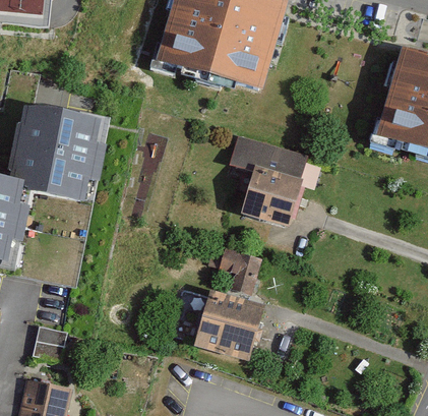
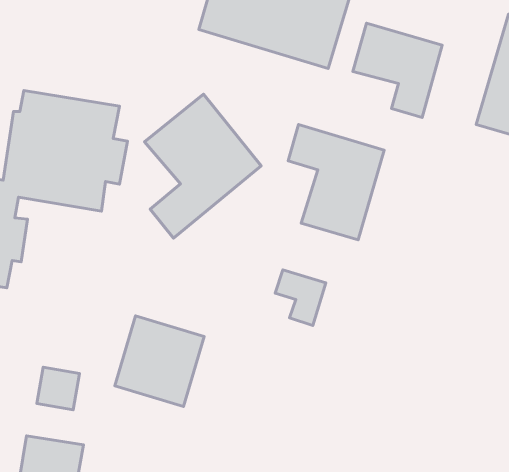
building: none -> [353,23,442,118]
building: none -> [145,94,261,238]
building: [194,288,264,359] -> [115,316,204,407]

